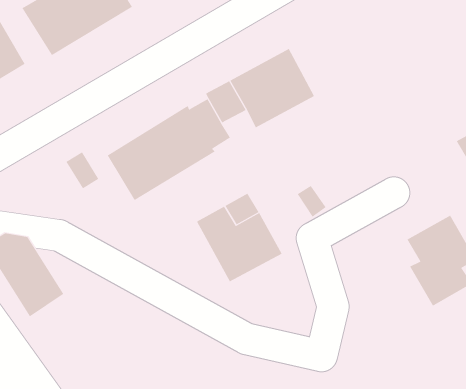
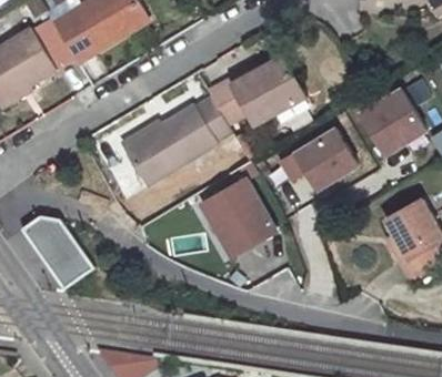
building: none -> [362,86,426,151]
building: none -> [298,125,359,185]

